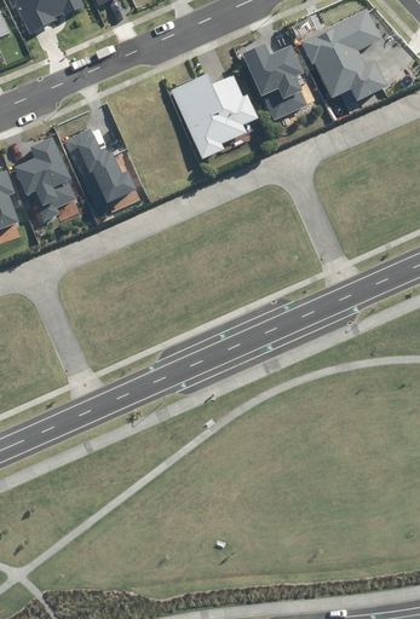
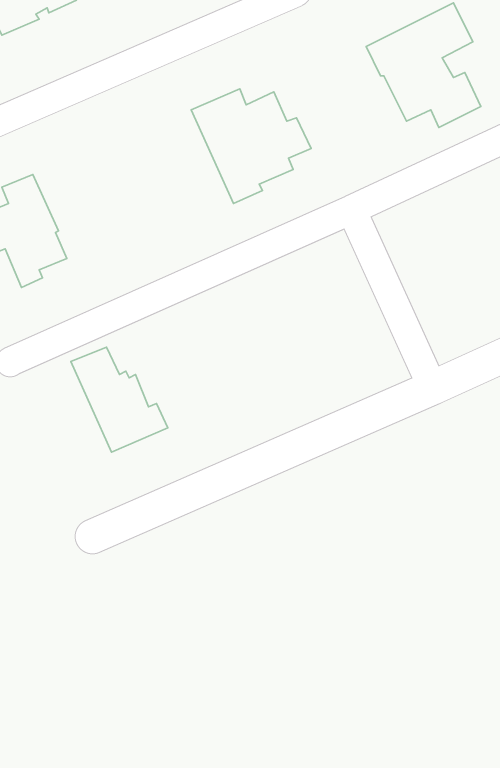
building: [242,44,307,120] -> none
building: [63,129,136,208] -> [71,347,168,452]

